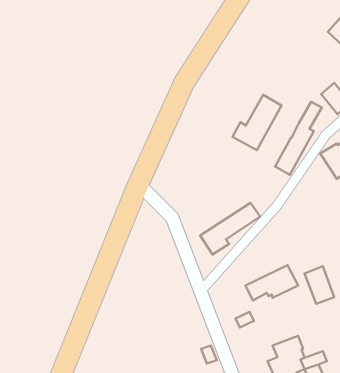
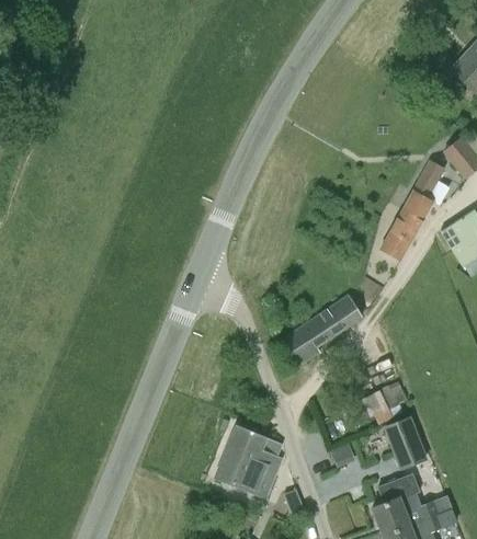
building: [232,95,282,150] -> none
building: [305,266,334,304] -> [386,417,425,468]
building: none -> [216,425,283,497]

